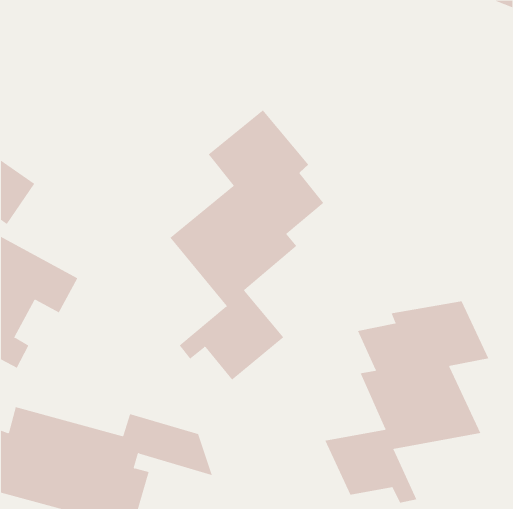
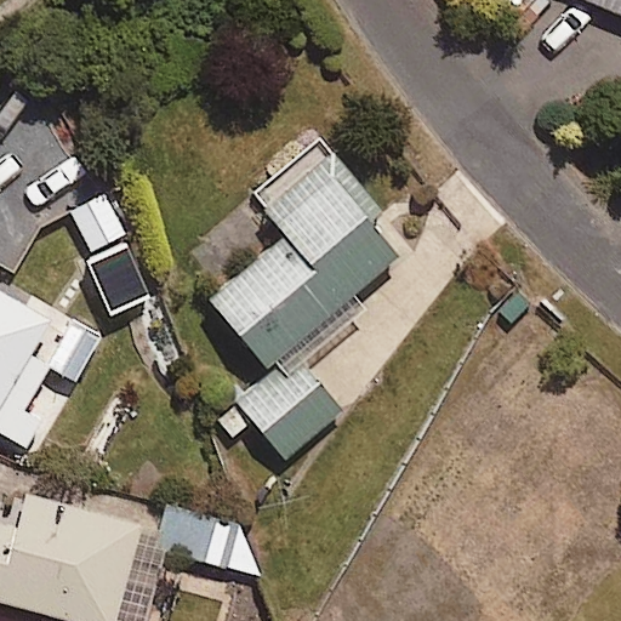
building: [324,300,489,503] -> none

